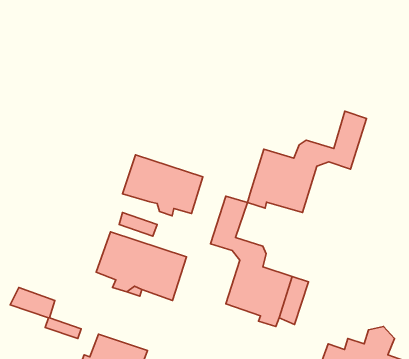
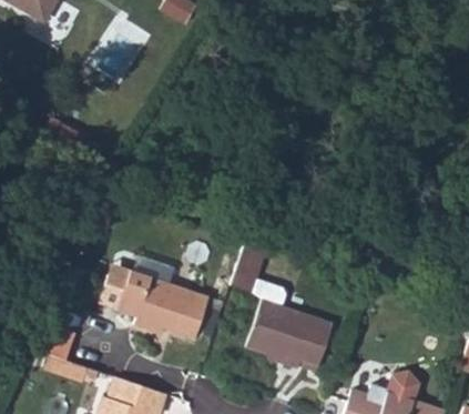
building: [248,111,367,212] -> none
building: [123,155,203,216] -> none

